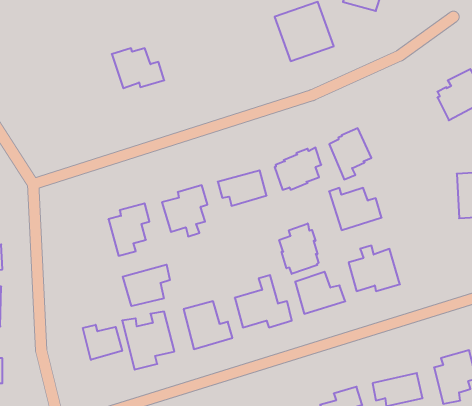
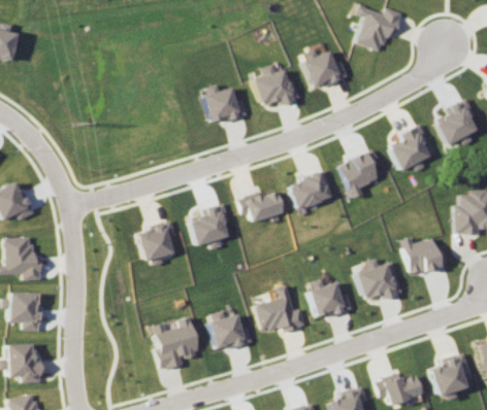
building: none -> [252,70,299,106]
building: [112,48,164,88] -> [200,88,248,124]
building: none -> [389,125,436,173]
building: [329,188,382,230] -> [401,238,449,276]
building: [279,223,319,274] -> none
building: [123,265,170,306] -> none
building: [83,325,122,360] -> none

